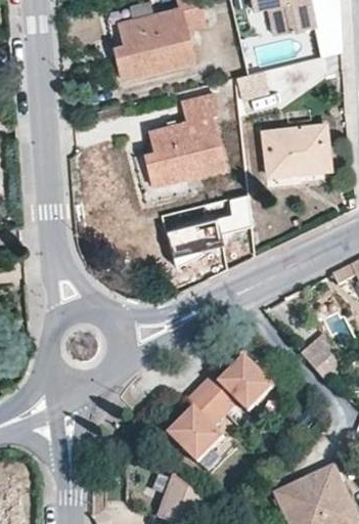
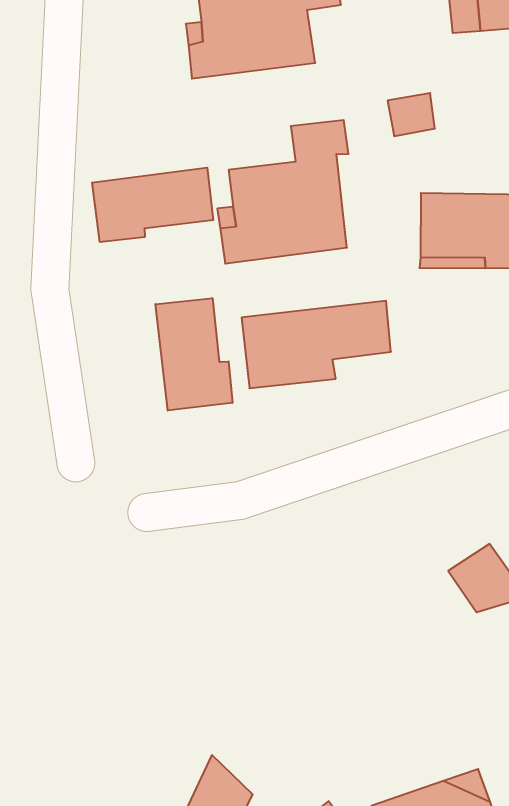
building: none -> [92,168,213,242]
building: none -> [155,298,232,411]
building: [173,362,279,464] -> none

